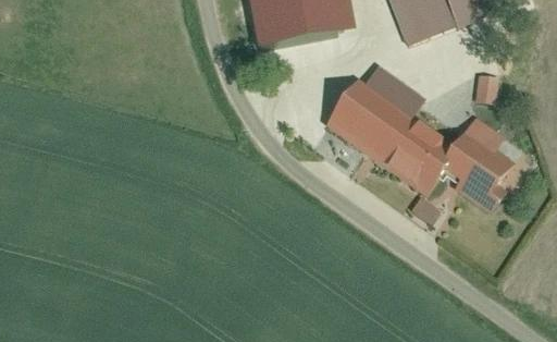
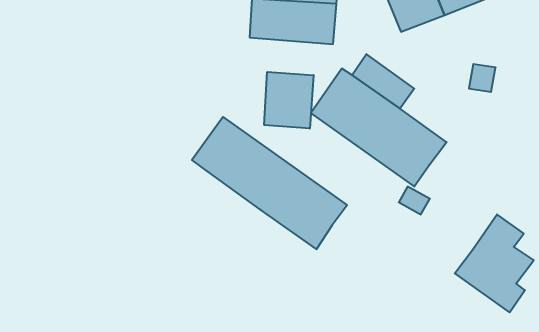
building: none -> [264,72,314,129]
building: [436,114,513,210] -> [455,214,534,312]
building: none -> [192,117,347,249]

